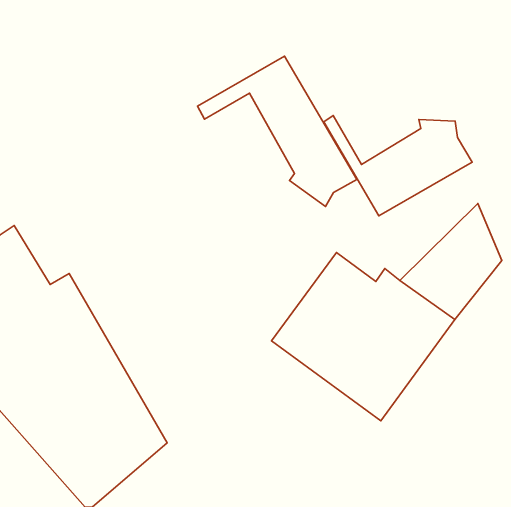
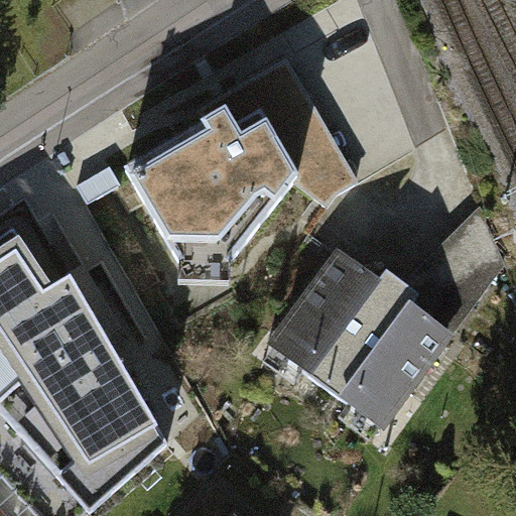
building: none -> [122,94,296,263]
building: [324,116,472,216] -> none

